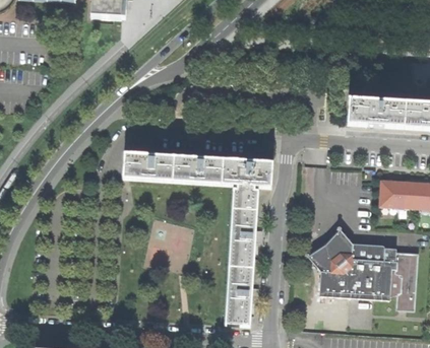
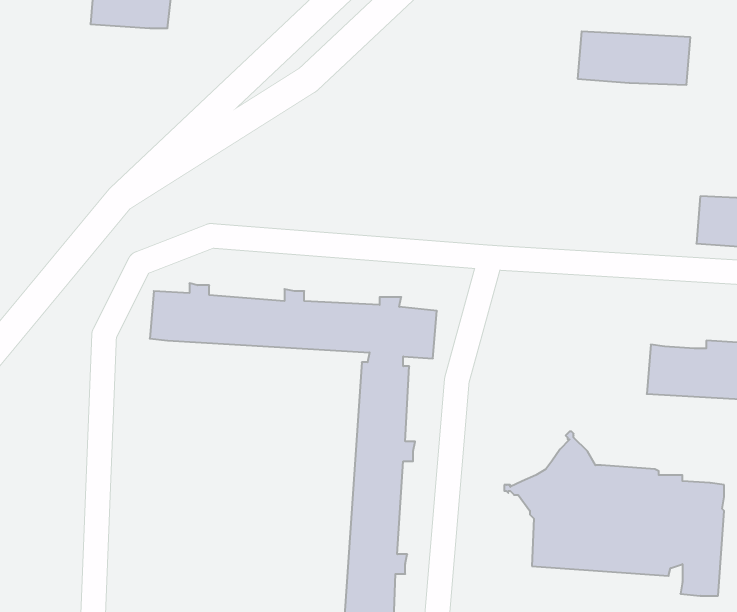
building: [347,101,405,129] -> [578,31,690,85]

